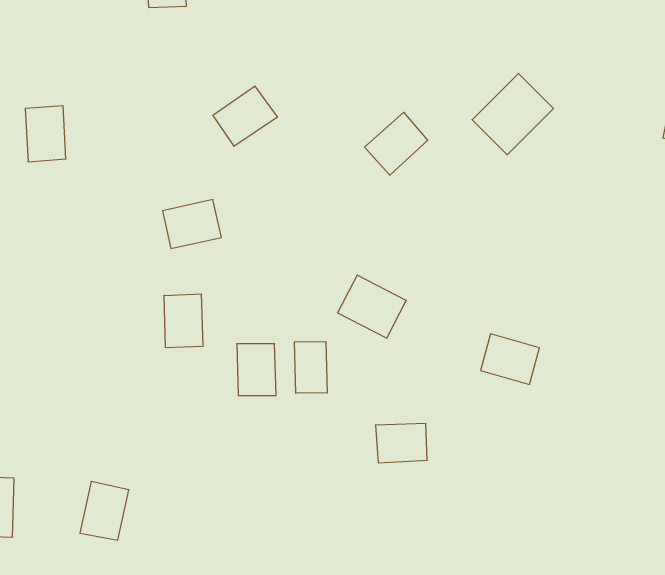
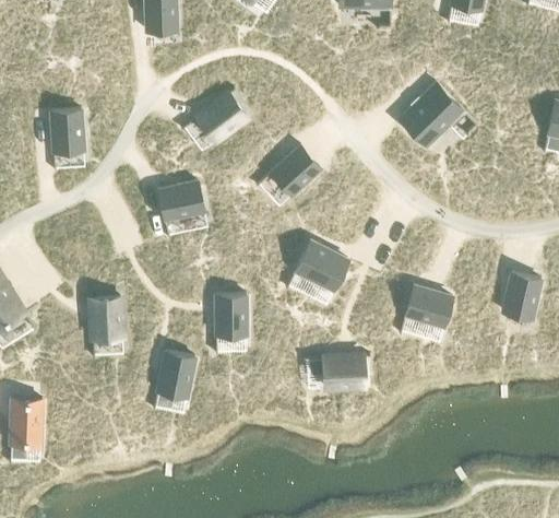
building: [365,112,428,175] -> [271,148,320,197]
building: [164,294,203,347] -> [92,299,122,341]
building: none -> [502,274,542,321]
building: [294,342,327,393] -> none
building: [80,481,129,540] -> [157,353,195,399]

